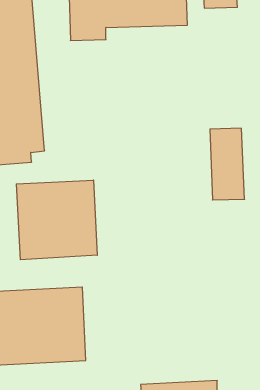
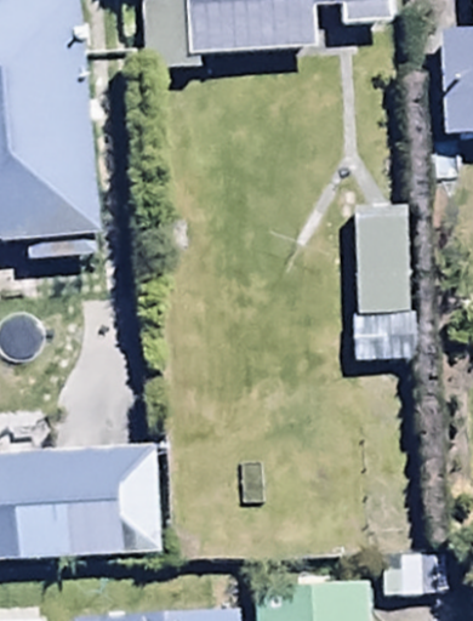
building: [16,180,97,260] -> none

